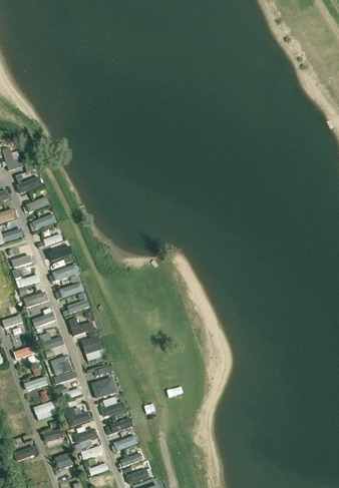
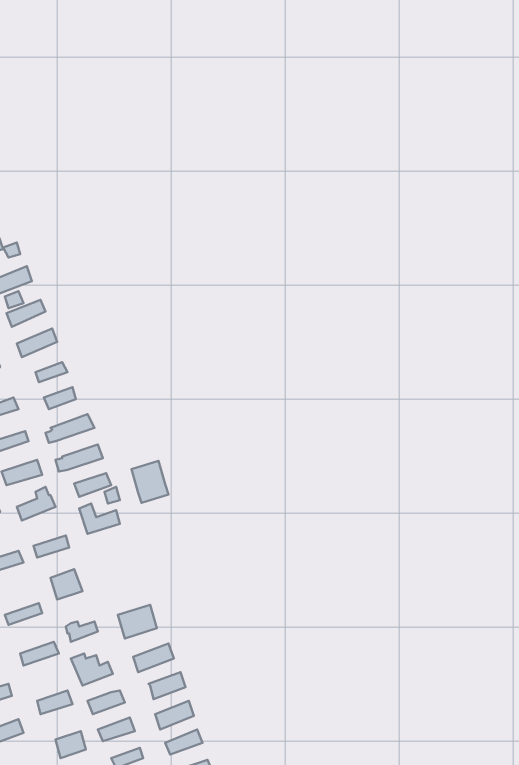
building: [80,336,102,361] -> [131,461,169,503]

